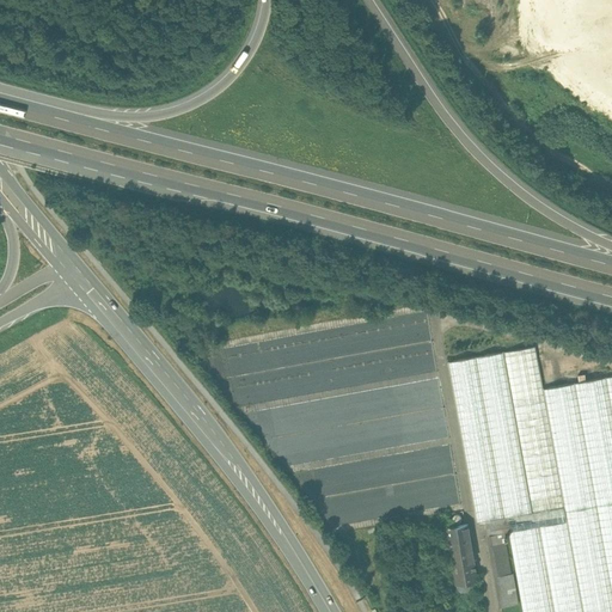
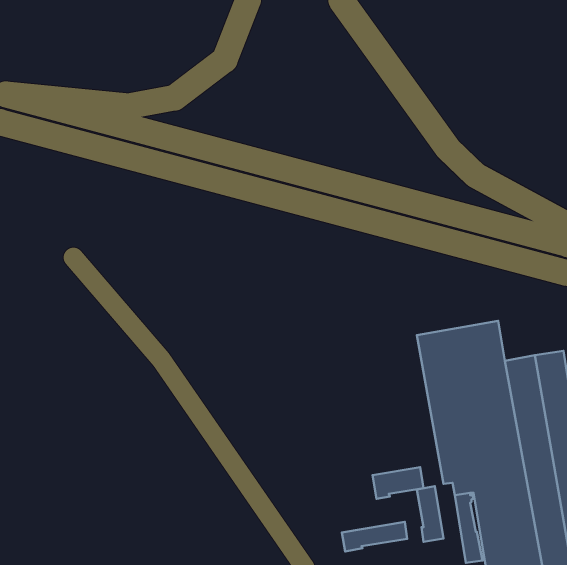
building: none -> [373,467,424,499]
building: none -> [342,522,407,551]

